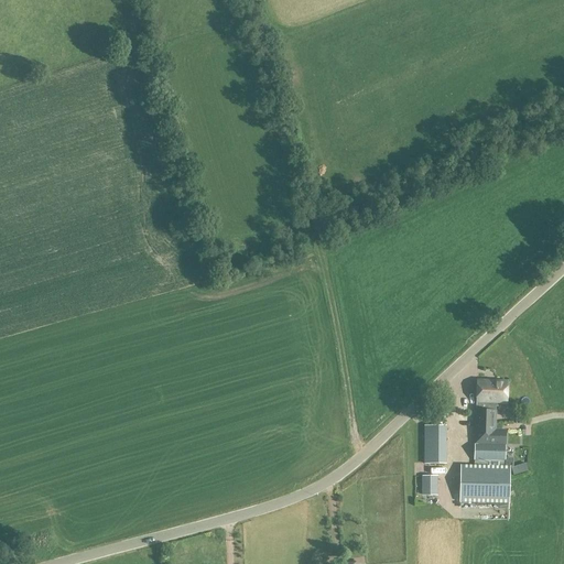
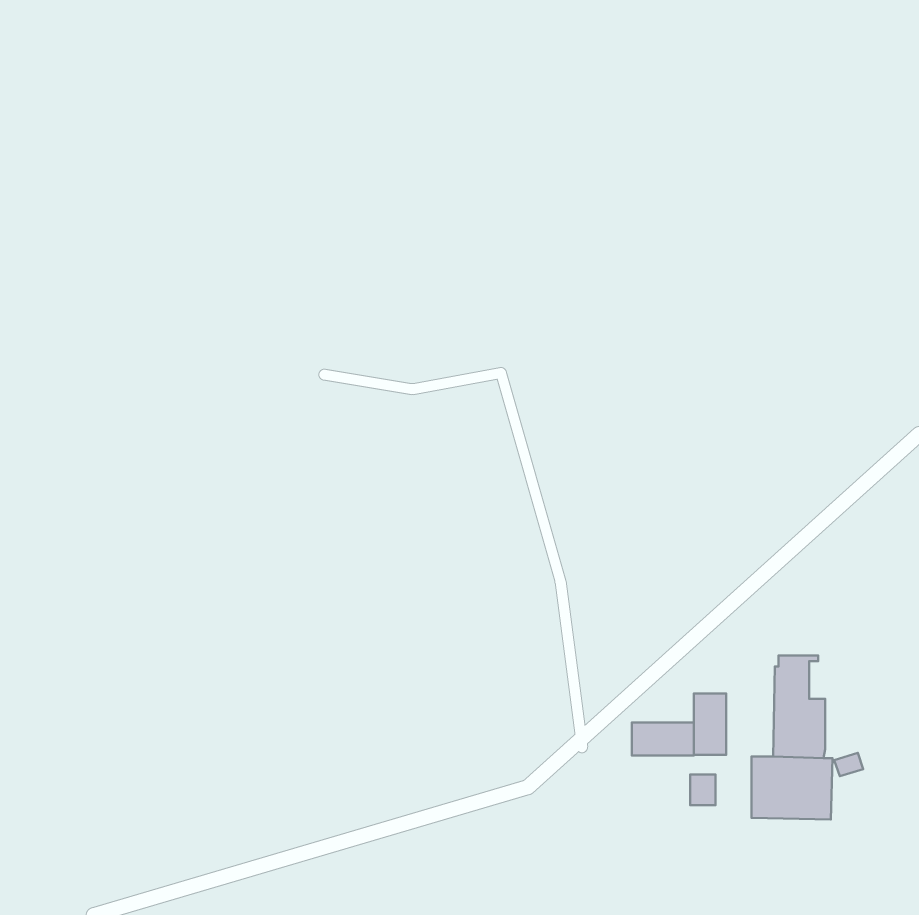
building: [476,378,506,402] -> none
building: none -> [632,722,694,755]

